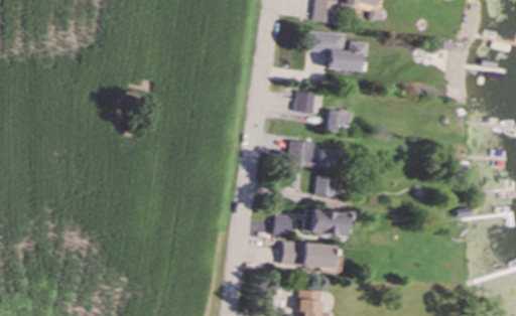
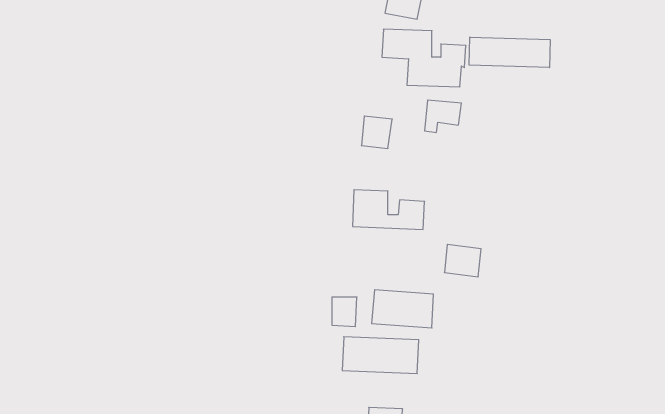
building: none -> [469,37,550,68]
building: [327,110,352,132] -> [425,100,461,132]
building: [315,175,341,197] -> [444,244,481,277]

